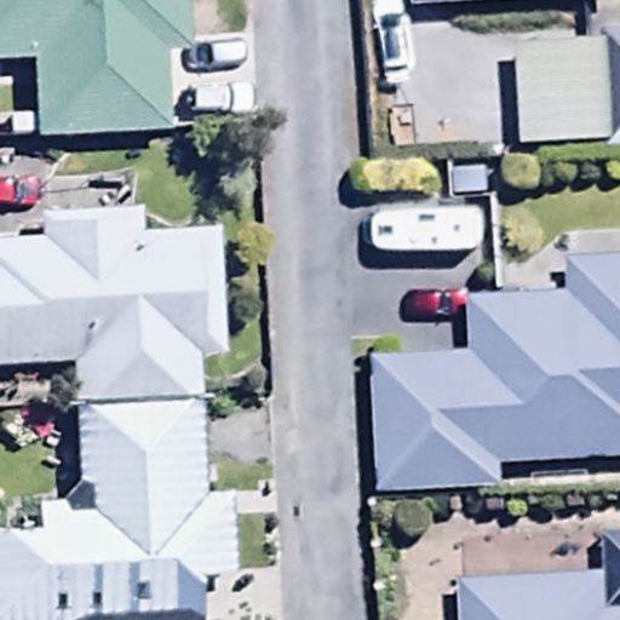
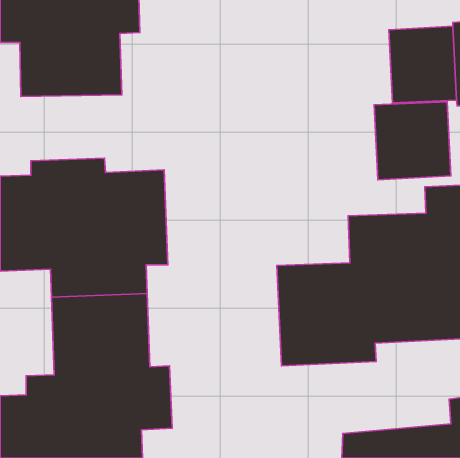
building: none -> [374,102,451,180]

